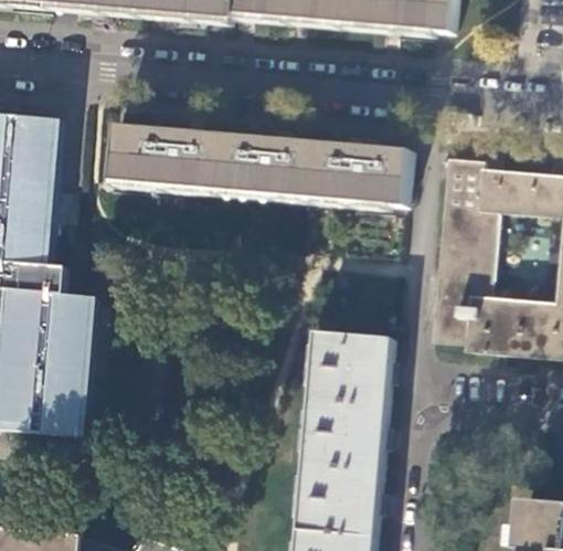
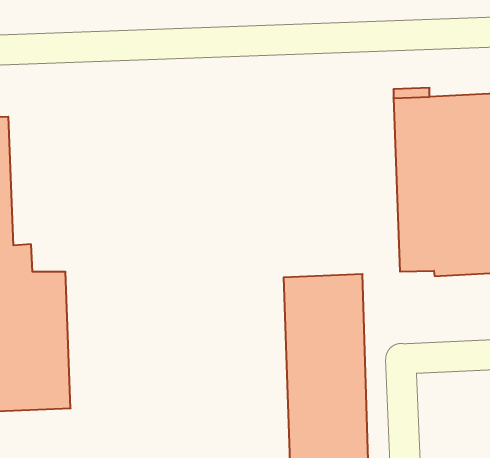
building: [113,124,413,204] -> none

